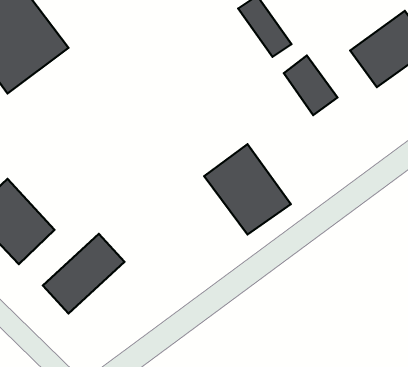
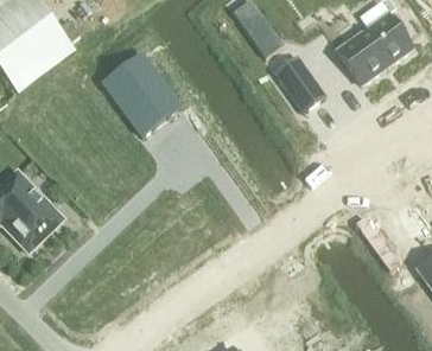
building: [204,144,291,235] -> [101,51,182,135]
building: [43,234,125,314] -> none

